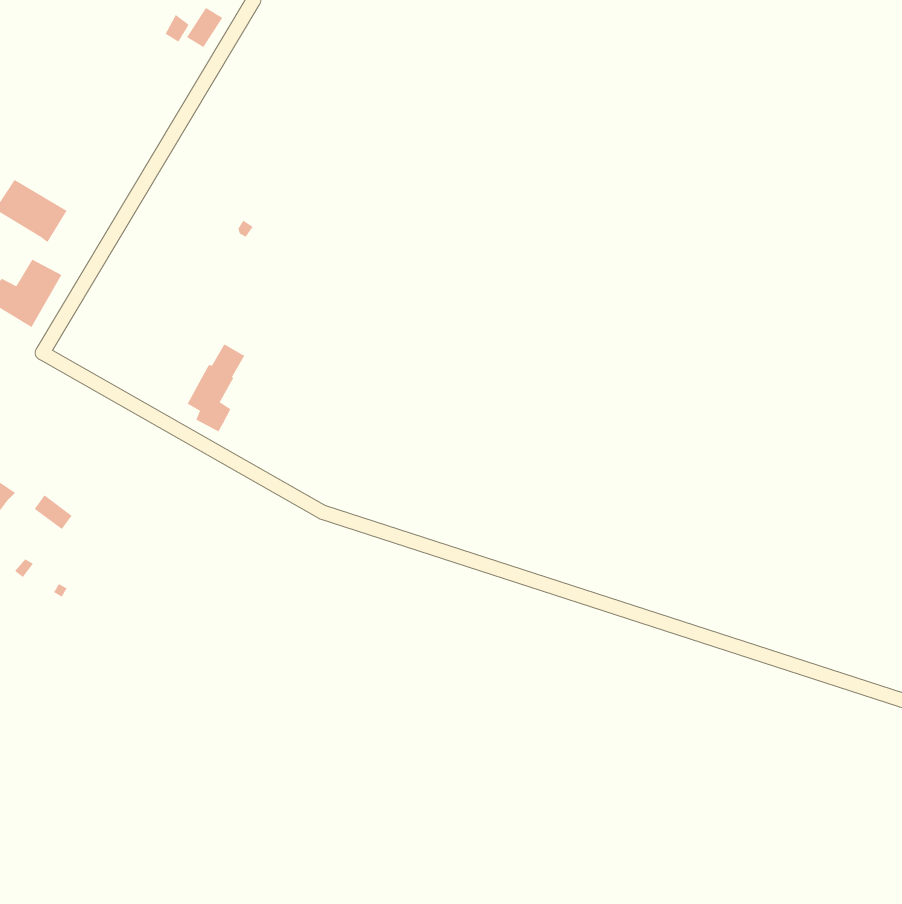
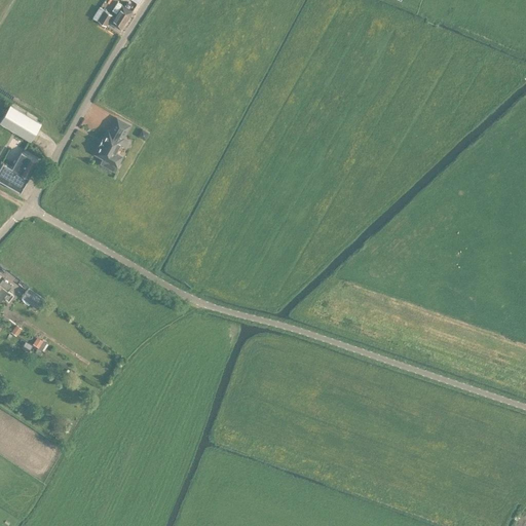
building: [187,344,245,432] -> [93,118,127,170]

